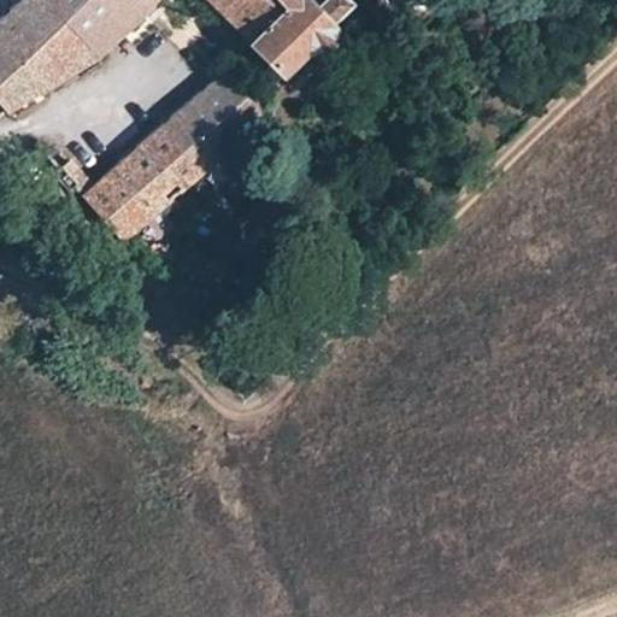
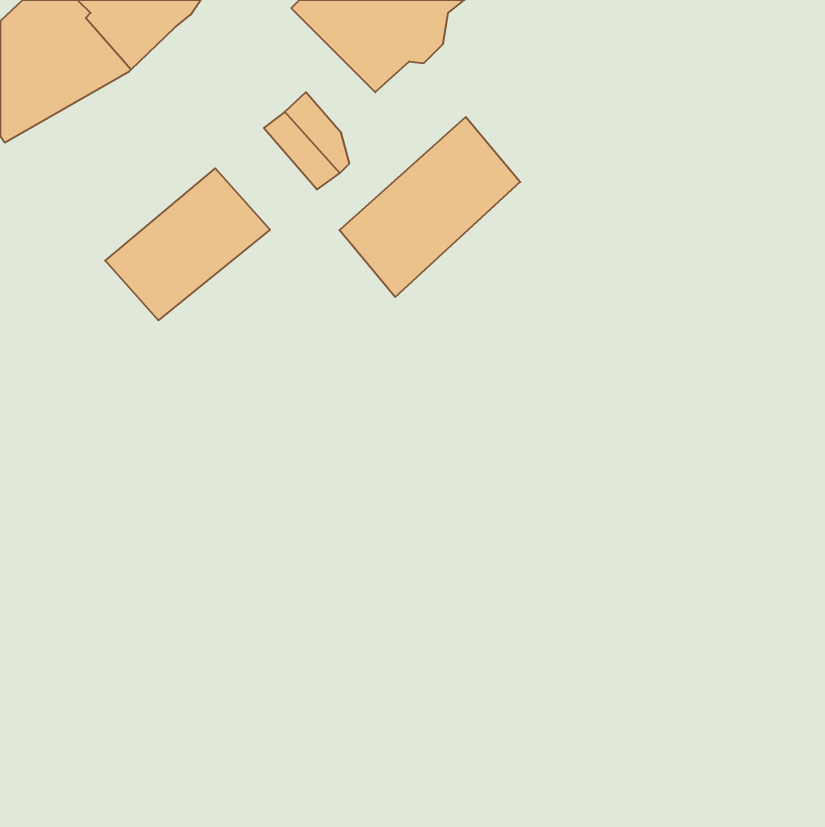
building: none -> [339,117,520,297]
building: [161,95,237,171] -> none

